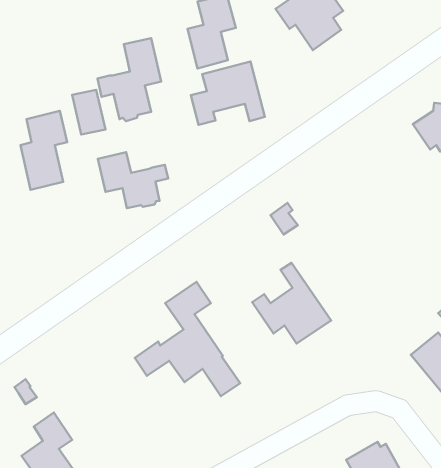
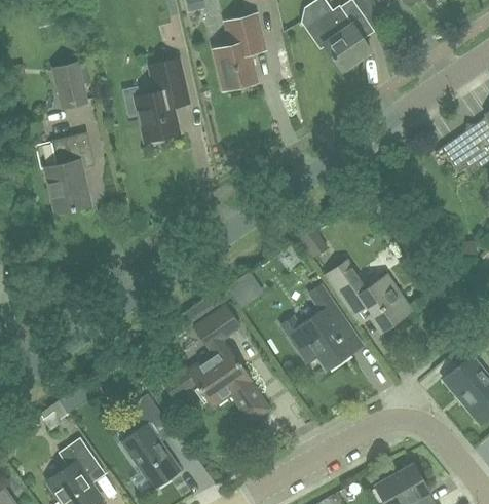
building: [191,61,265,125] -> none
building: [72,90,105,134] -> [53,62,87,107]
building: [98,152,168,208] -> none
building: none -> [327,259,411,331]
building: none -> [122,393,180,488]

